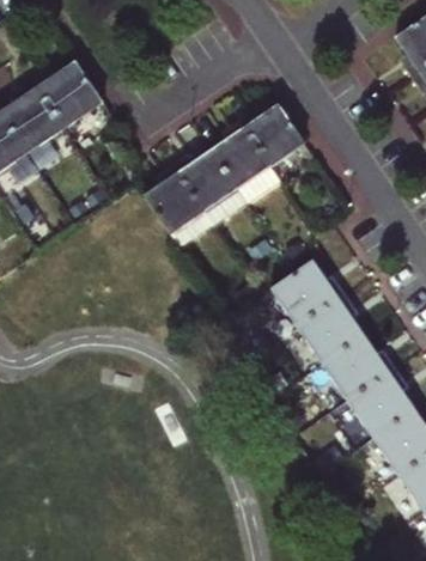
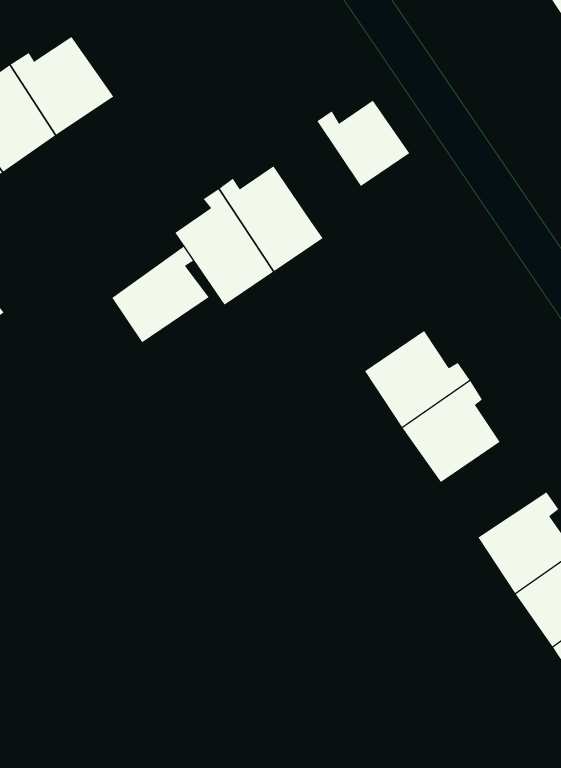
building: [212,120,270,187] -> none
building: none -> [112,246,210,343]
building: [324,336,396,401] -> none

